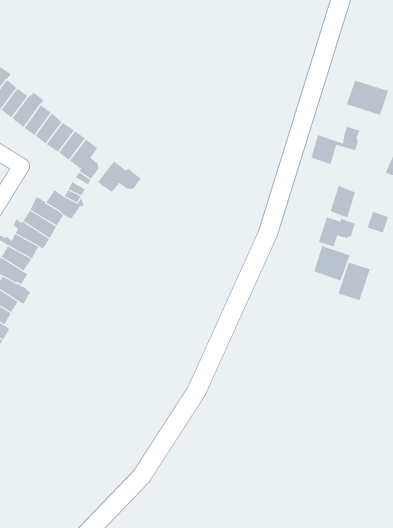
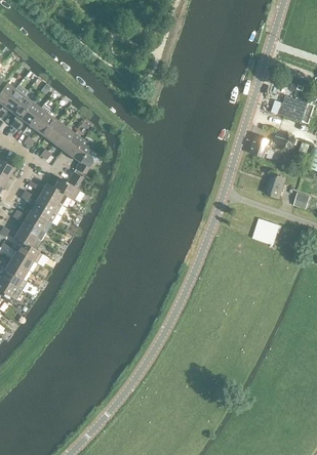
building: [97,161,142,193] -> none
building: [318,217,356,247] -> none
building: [338,262,371,301] -> none

